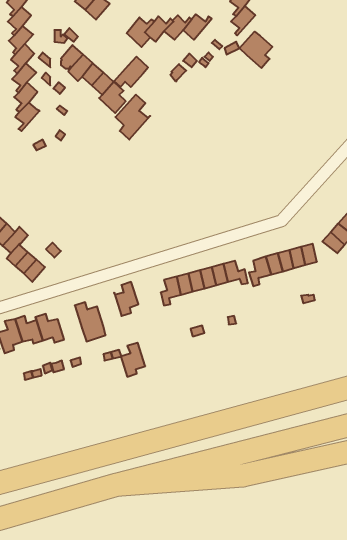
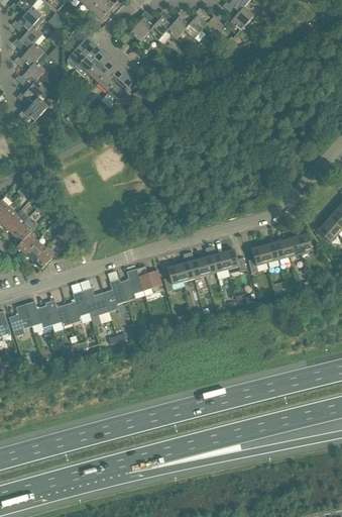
building: [239,32,272,68] -> none
building: [114,57,148,87] -> none
building: [115,95,150,140] -> none
building: none -> [135,265,163,292]
building: none -> [66,291,89,323]
building: [121,343,145,377] -> [103,279,126,311]

